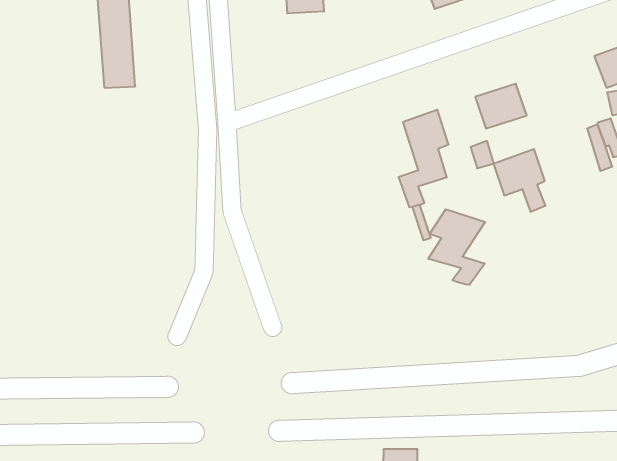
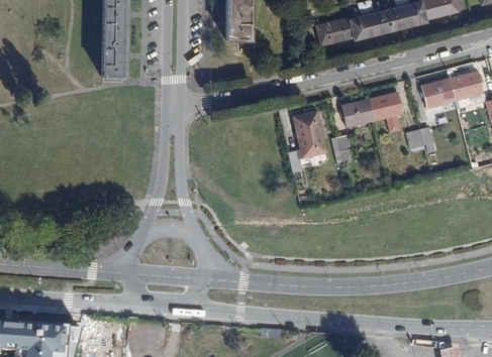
building: [493,149,545,212] -> [370,92,402,132]
building: [428,209,485,285] -> none

